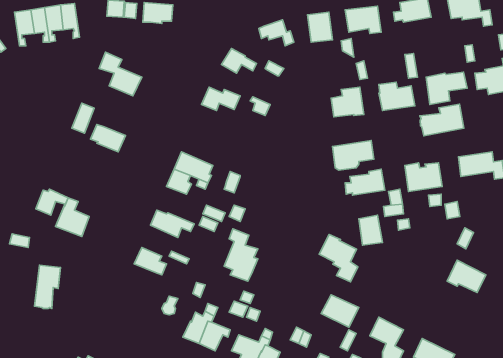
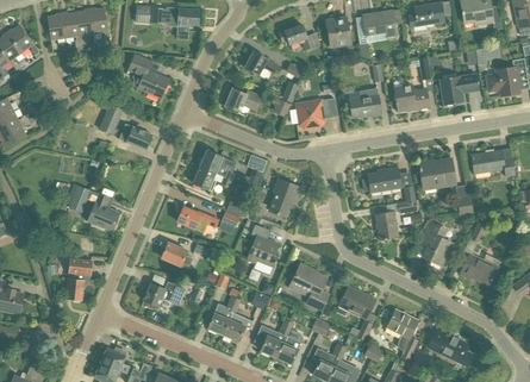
building: [420,104,464,136] -> none
building: [333,140,374,170] -> [298,98,337,126]
building: none -> [268,179,300,217]
building: none -> [420,221,450,262]
building: [319,234,358,282] -> [291,263,328,308]
building: none -> [143,281,185,306]

